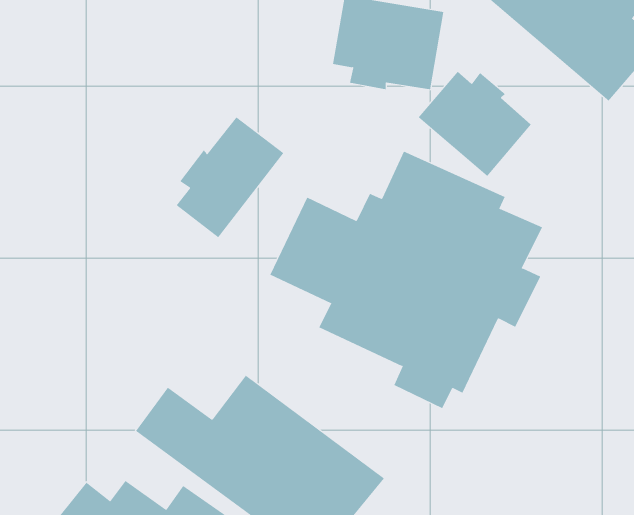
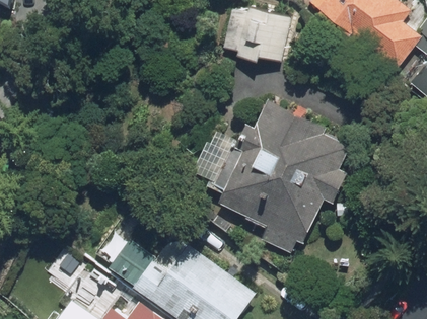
building: [418,71,532,177] -> none
building: [176,116,284,238] -> none

